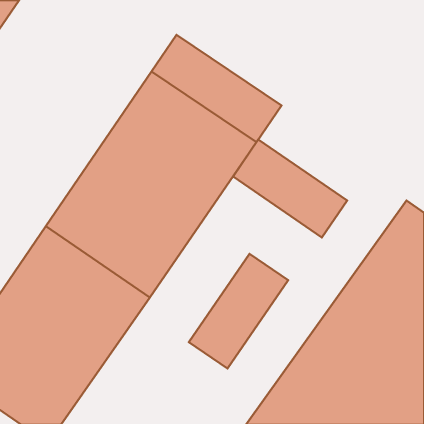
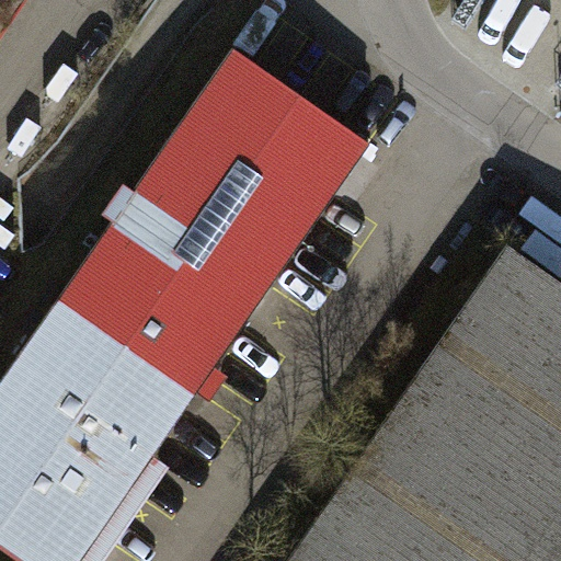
building: [233,140,347,237] -> none
building: [189,254,288,368] -> none

